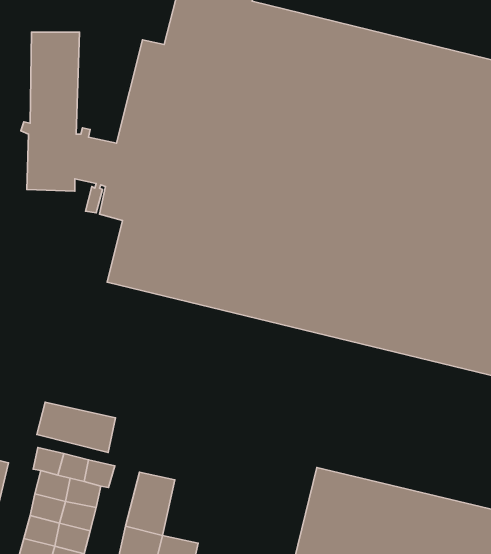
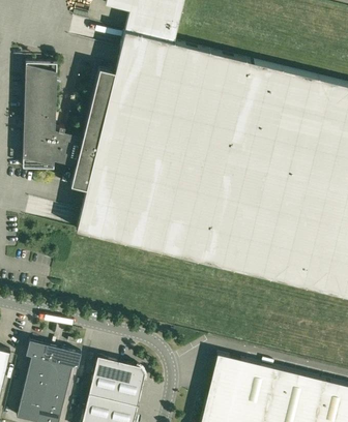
building: [37,402,116,452] -> none
building: none -> [113,363,144,405]

